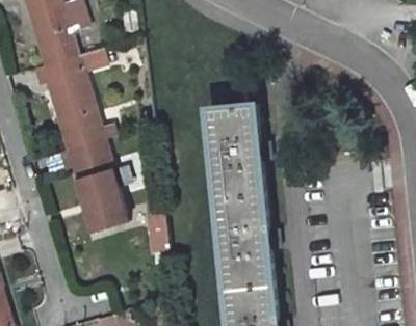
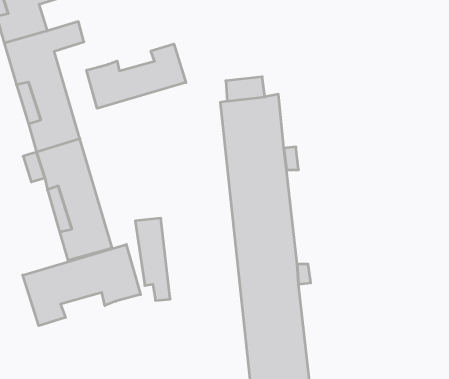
building: none -> [87,44,186,108]
building: none -> [23,244,141,326]

